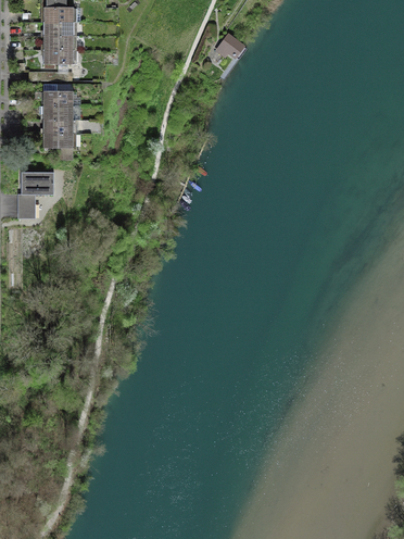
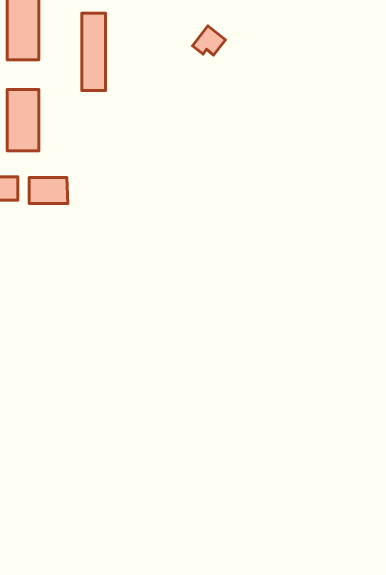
building: none -> [82,13,106,90]
building: none -> [29,178,68,204]

